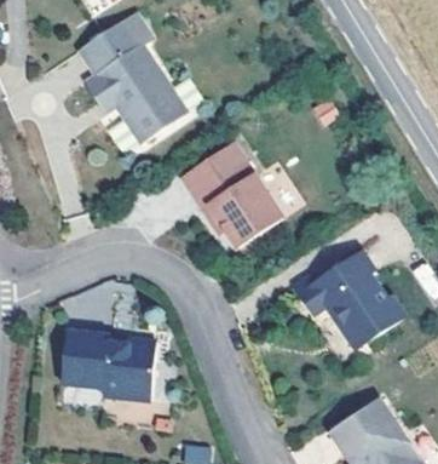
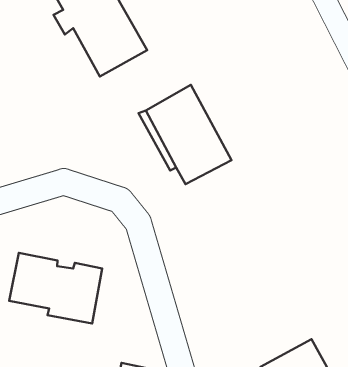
building: [298,252,405,349] -> none

